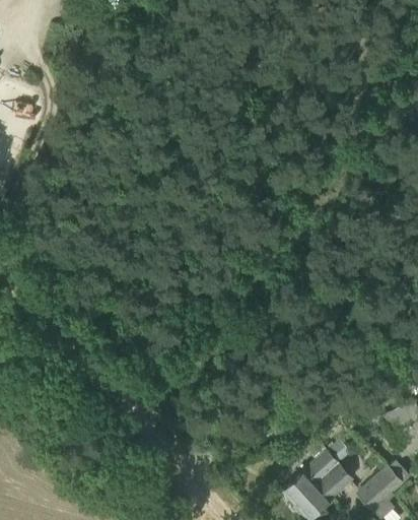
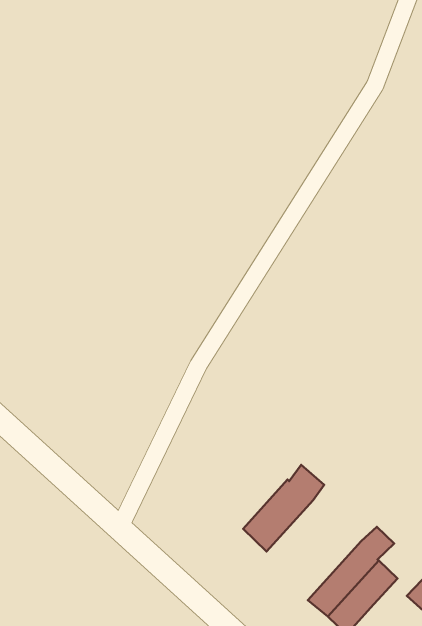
building: none -> [243,465,324,552]

